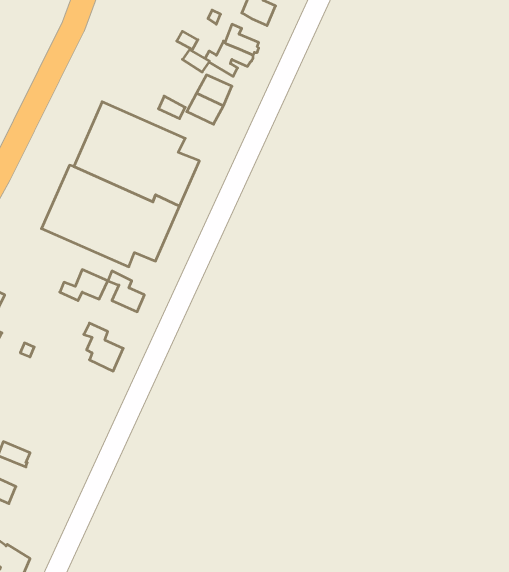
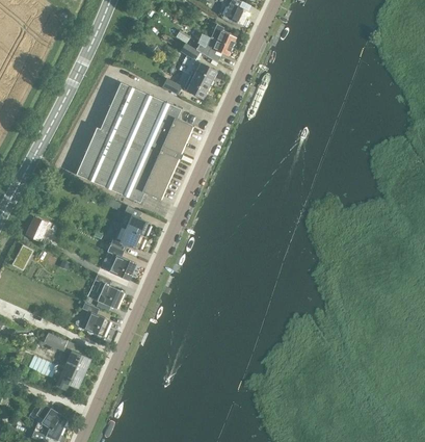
building: [60,270,108,301] -> [110,228,145,251]
building: none -> [94,275,123,308]
building: none -> [81,304,110,337]
building: none -> [55,349,90,390]

